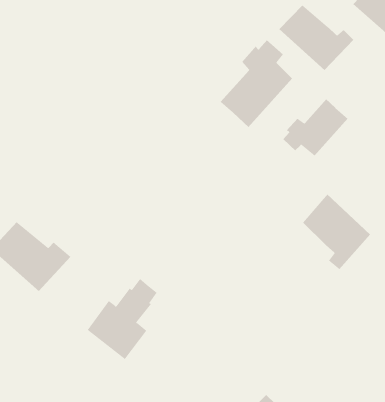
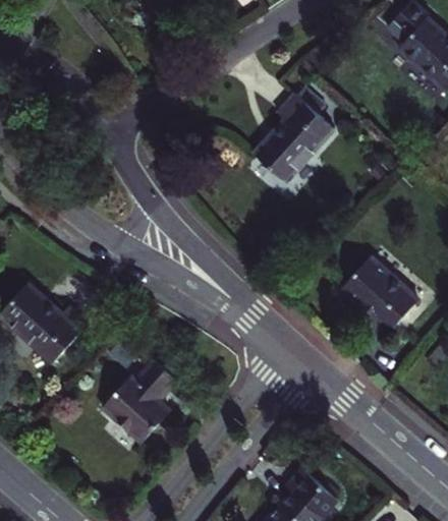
building: [278,5,354,71] -> none
building: [282,98,349,156] -> none

